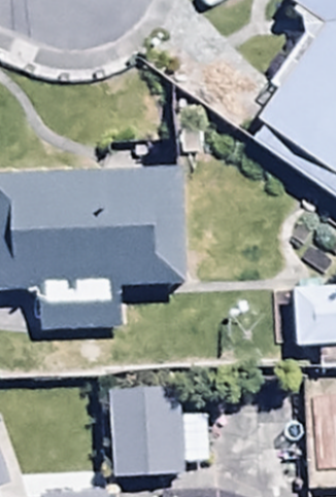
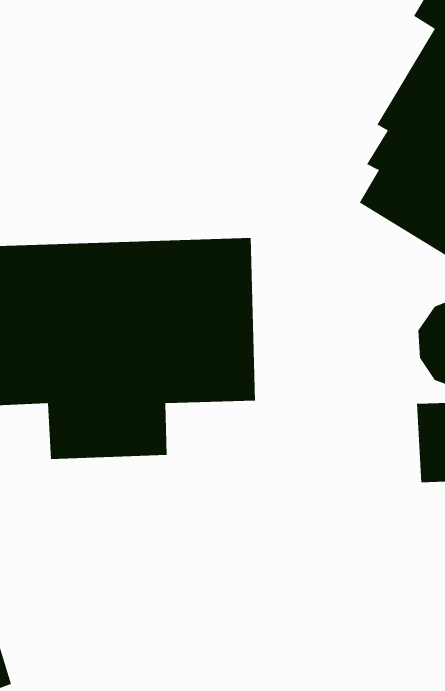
building: [108,381,206,476] -> none

